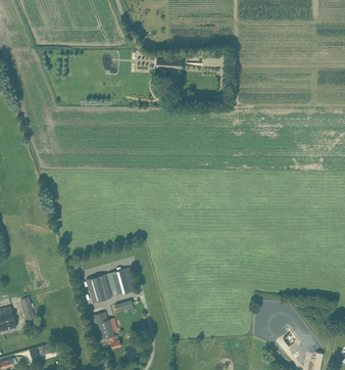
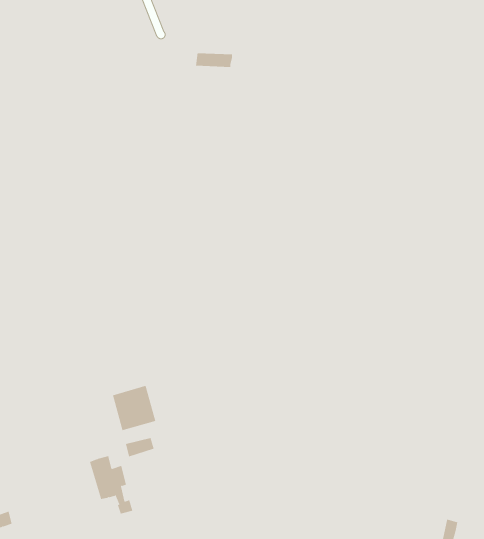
building: [87,273,112,302] -> none

